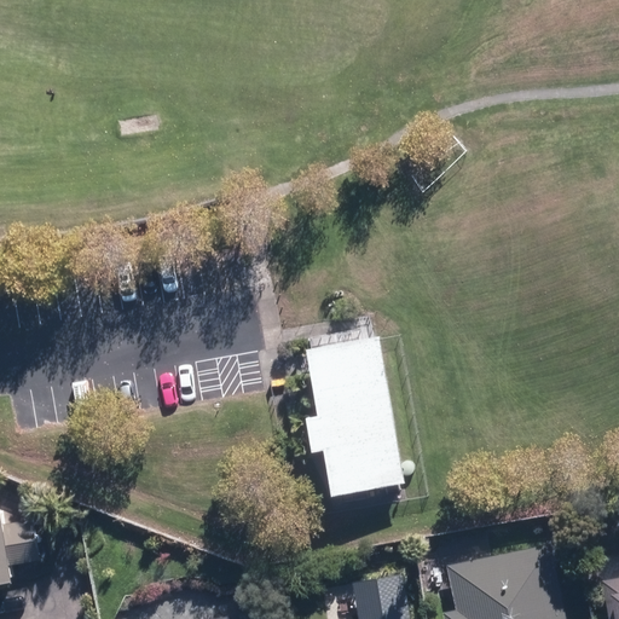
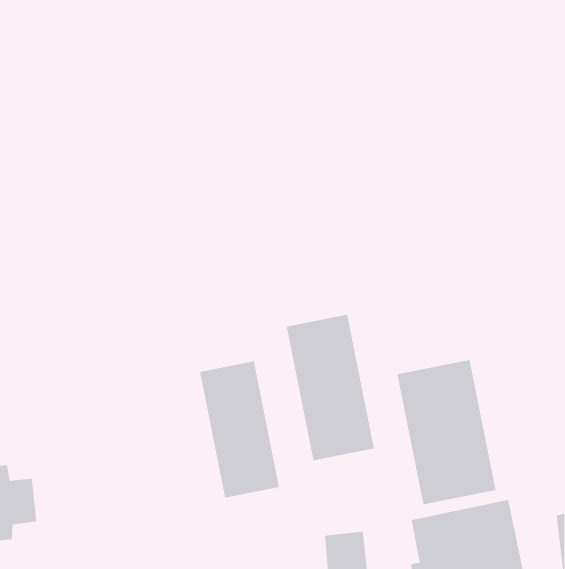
building: none -> [396,359,497,505]
building: none -> [199,361,280,498]

